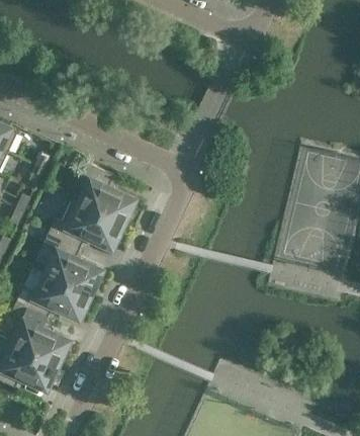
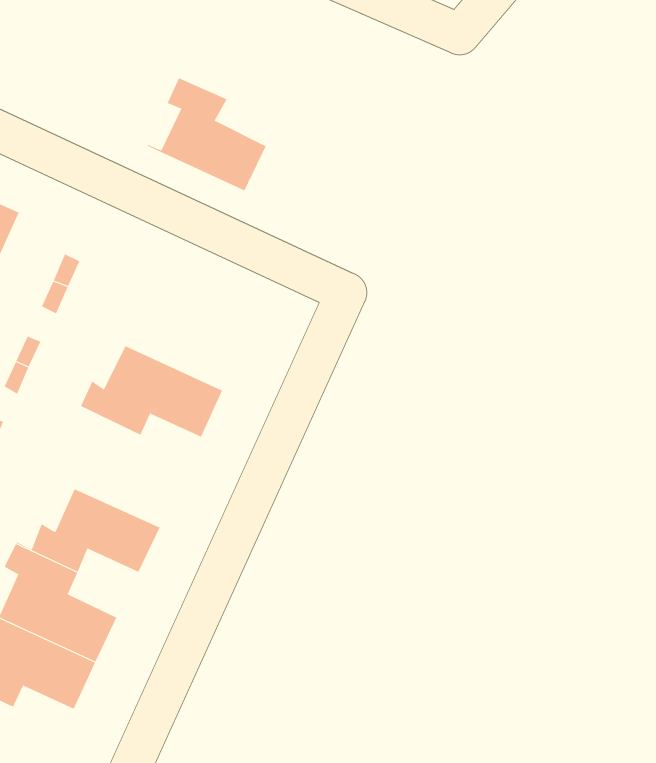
building: [73,165,134,224] -> [147,78,267,191]
building: [47,232,102,294] -> none

